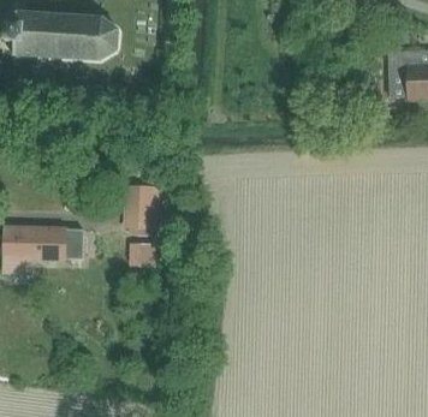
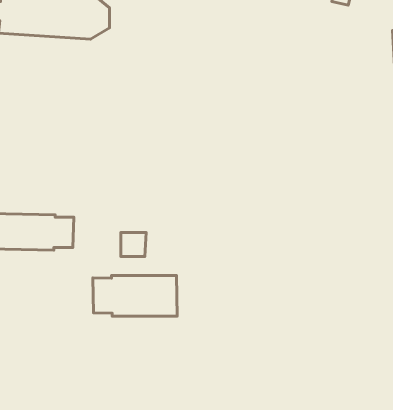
building: [121,184,160,227] -> none
building: none -> [93,275,177,316]

